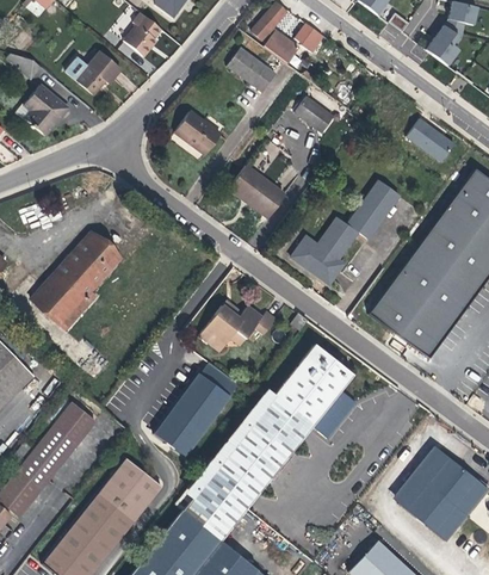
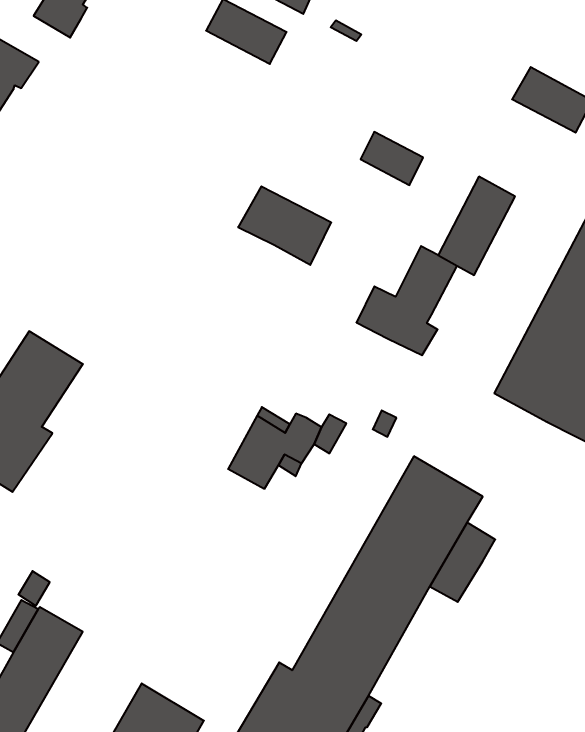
building: [295,97,333,132] -> [361,132,423,185]
building: [174,111,221,155] -> none
building: [154,363,239,457] -> none

